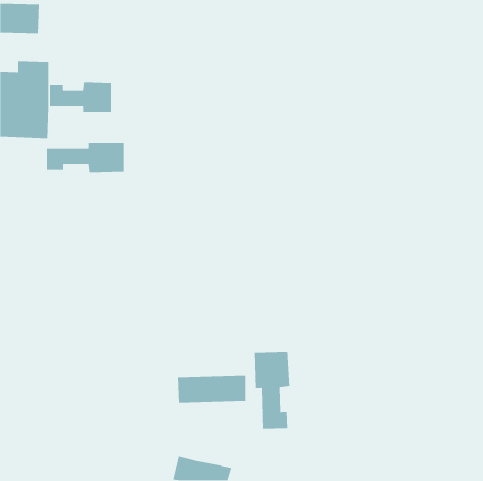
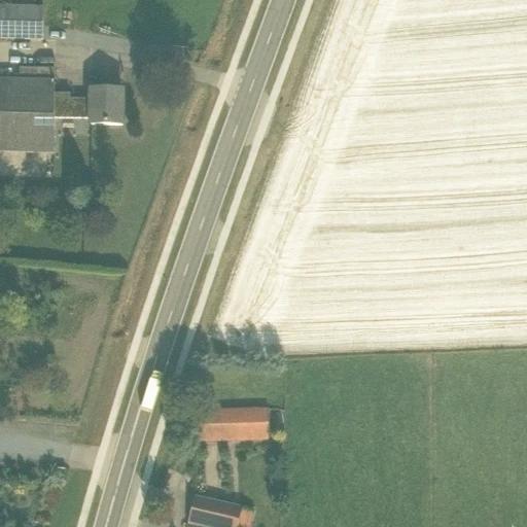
building: [46,142,125,173] -> none
building: [254,351,290,430] -> none

